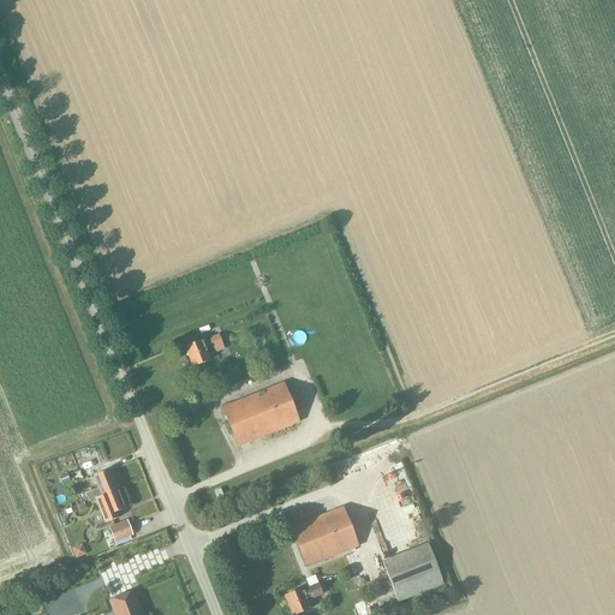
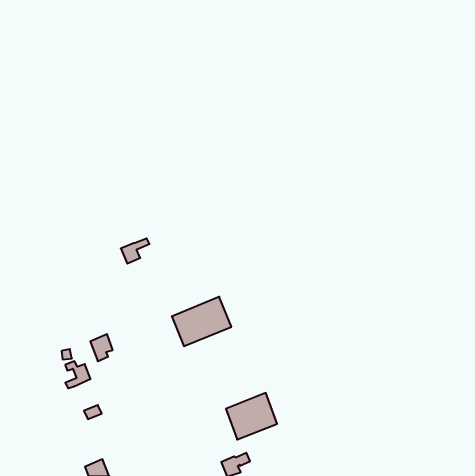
building: [186,333,223,365] -> [121,238,150,264]
building: [97,488,126,523] -> [90,334,113,361]
building: [378,543,446,601] -> none

